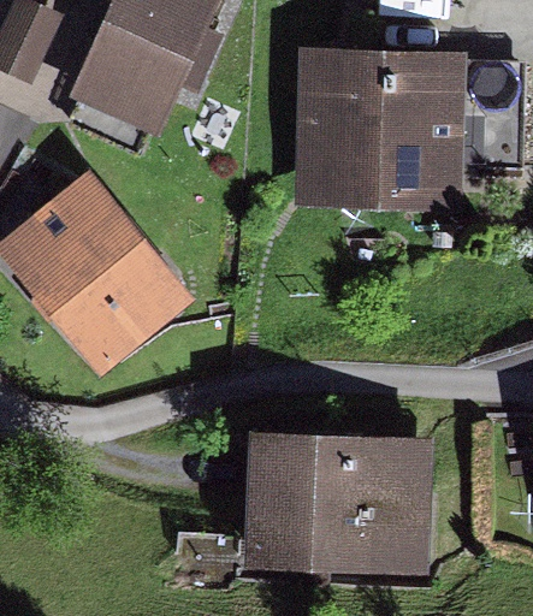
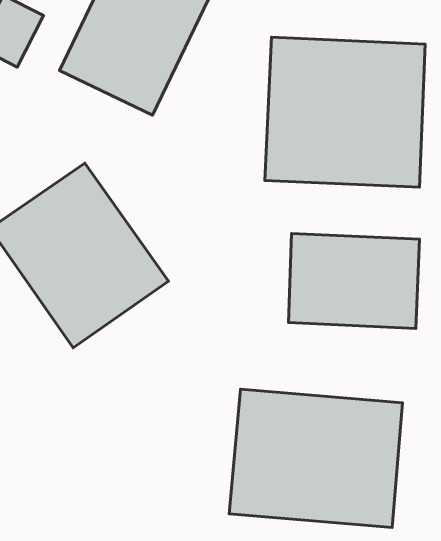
building: none -> [288,234,420,329]

